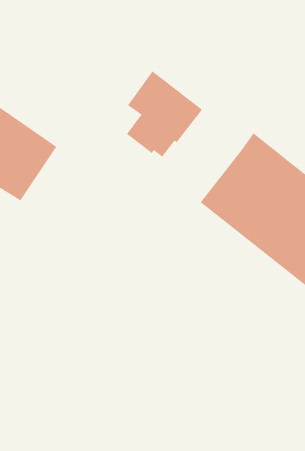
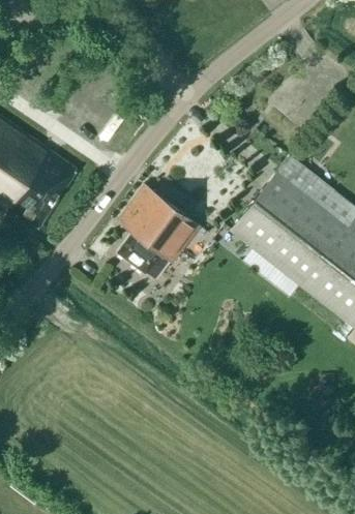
building: [126,71,203,158] -> [115,184,198,278]

